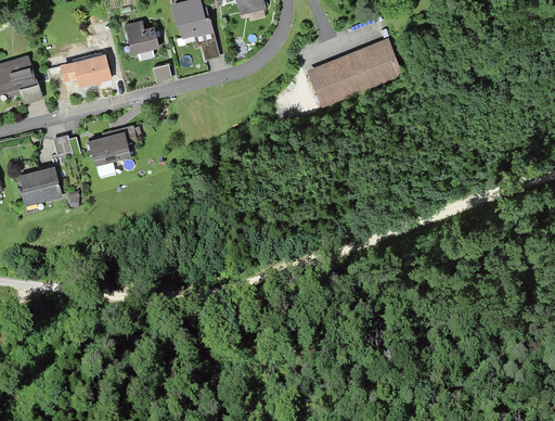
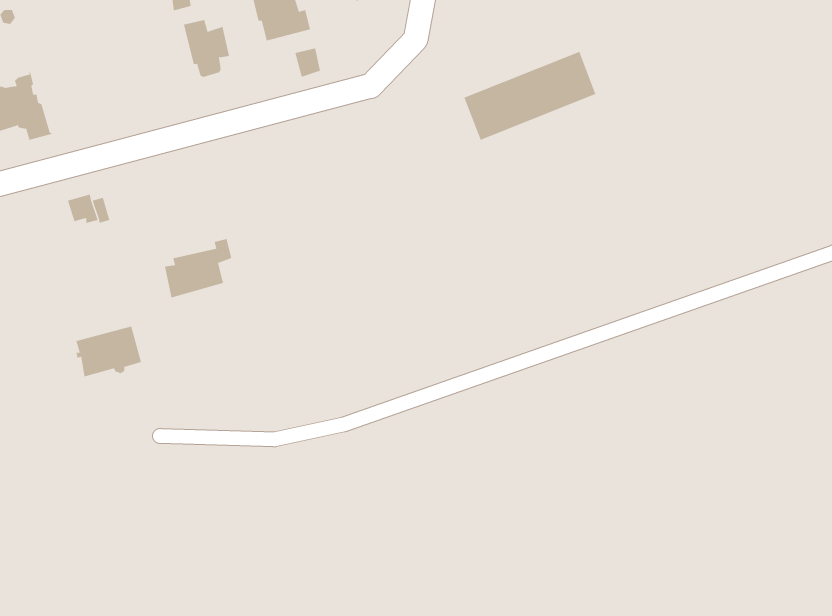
building: [60,53,109,86] -> none
building: [89,126,133,165] -> [164,238,232,298]
building: [16,168,60,202] -> [76,326,142,377]

